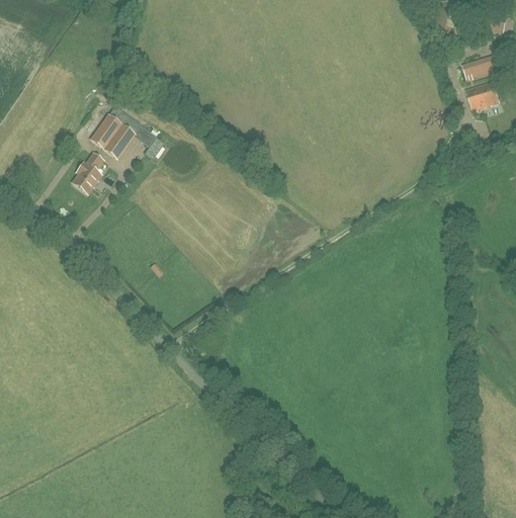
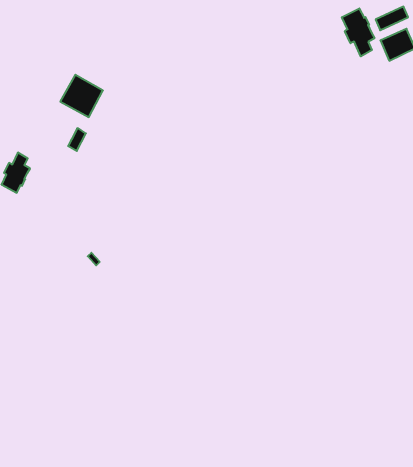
building: none -> [342,8,374,56]
building: [90,114,134,158] -> [60,75,103,117]

